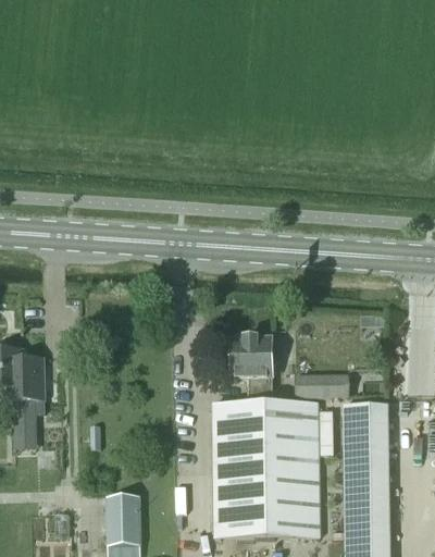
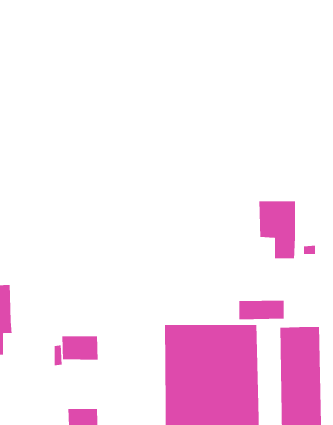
building: [231,336,272,401] -> [259,200,296,259]
building: none -> [62,335,99,360]

